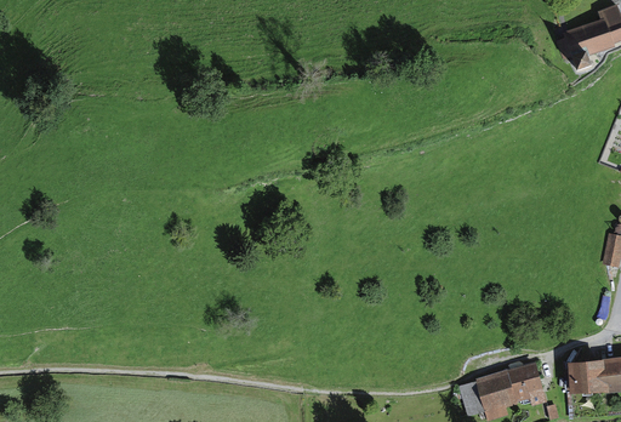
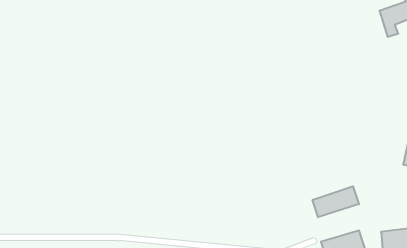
building: none -> [313,186,359,217]

